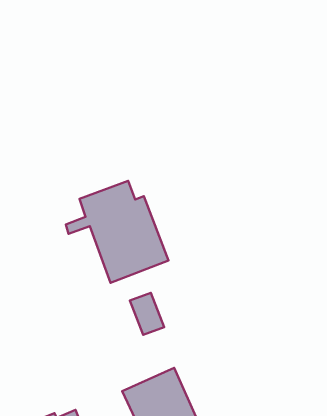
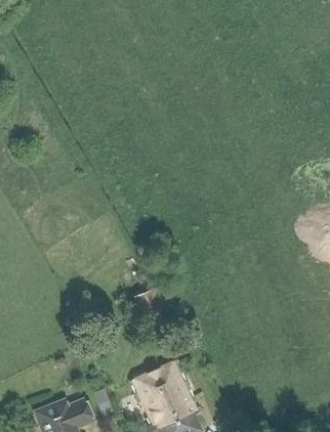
building: [66,181,169,283] -> none

